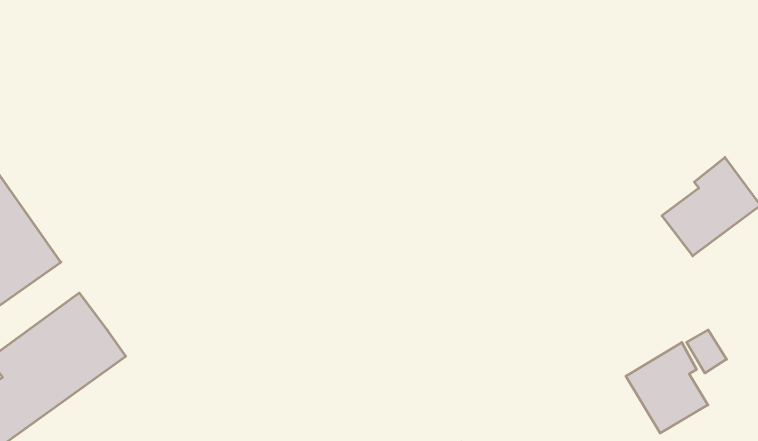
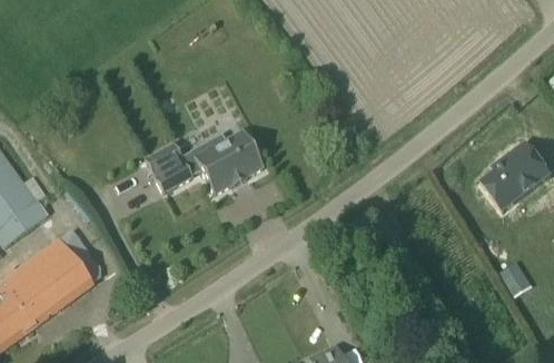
building: none -> [145,129,264,194]
building: [626,342,708,433] -> none

